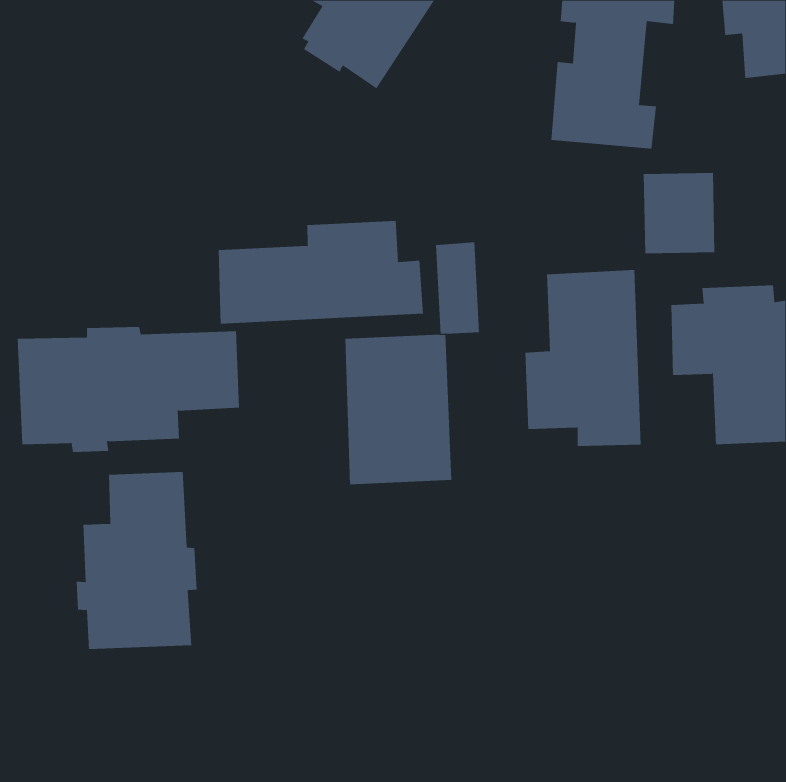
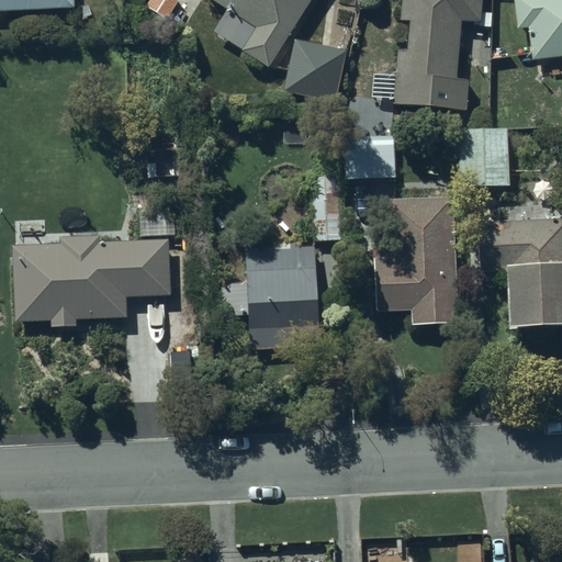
building: none -> [283,37,348,102]
building: none -> [342,134,395,179]
building: [218,220,423,325] -> none
building: [76,471,197,650] -> none

